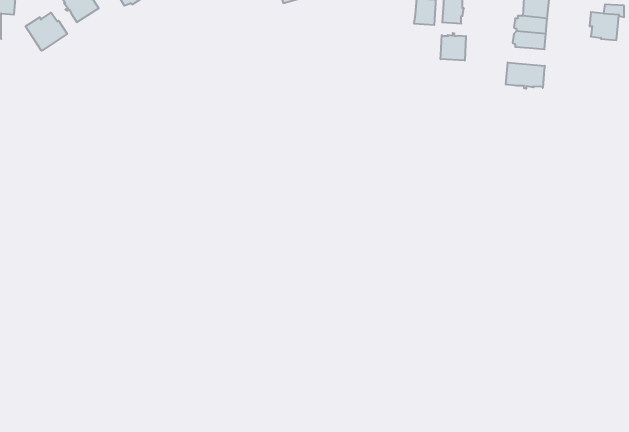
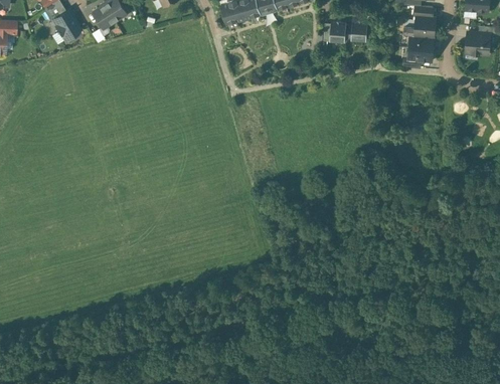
building: [26,13,67,51] -> none
building: [441,33,466,61] -> none
building: [506,62,545,89] -> none

